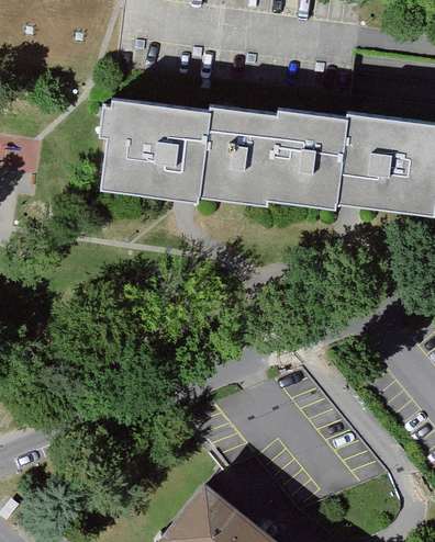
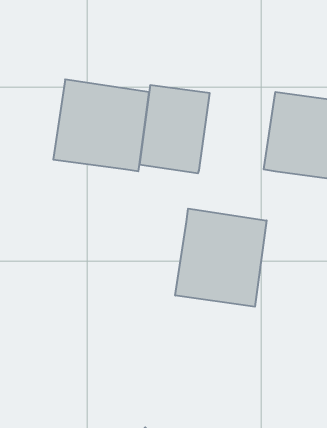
building: [263,110,347,211] -> none
building: none -> [175,209,267,307]

